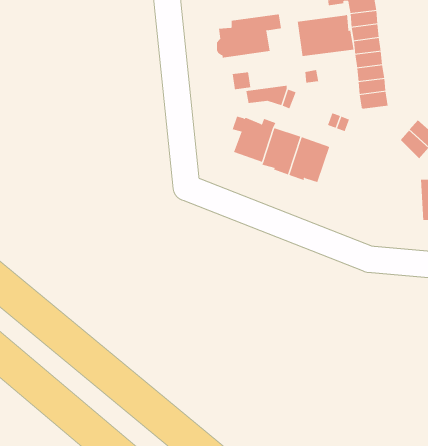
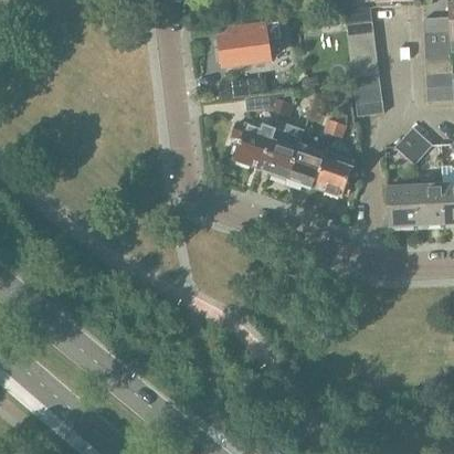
building: [297,14,354,57] -> none
building: none -> [316,150,355,196]
building: none -> [387,183,418,225]

